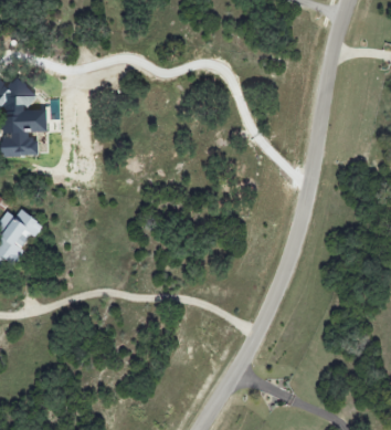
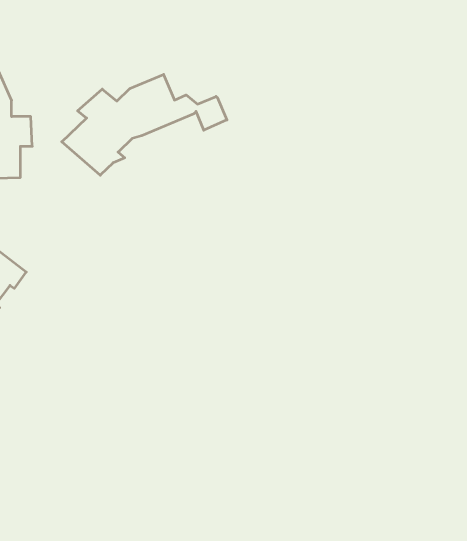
building: none -> [62,74,227,175]

